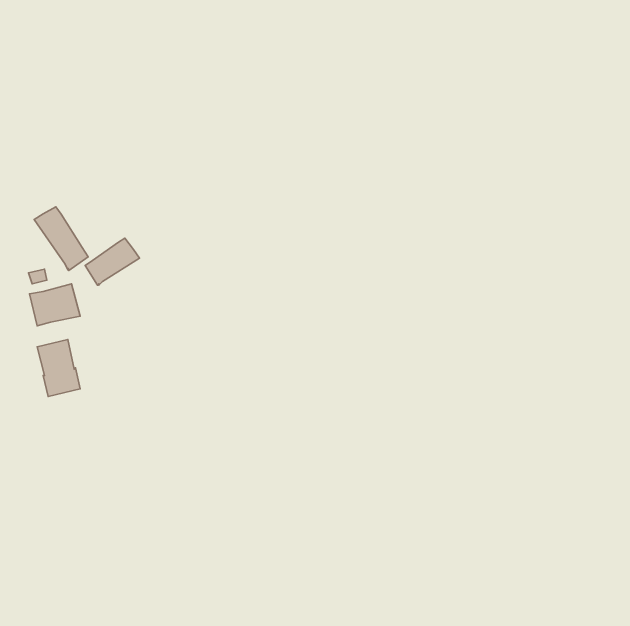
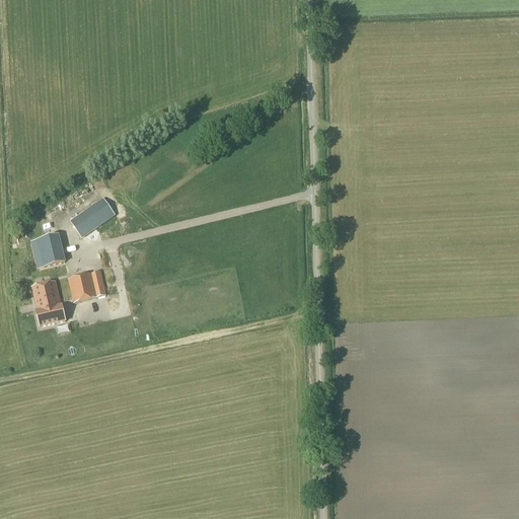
building: [34,207,88,271] -> none
building: none -> [69,269,107,300]

